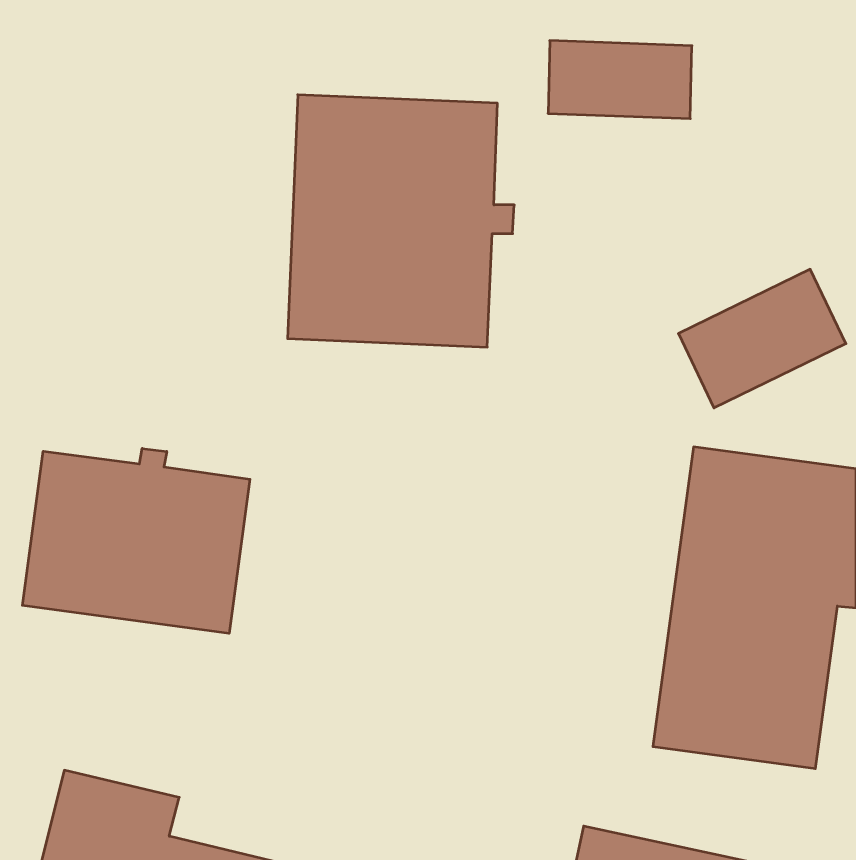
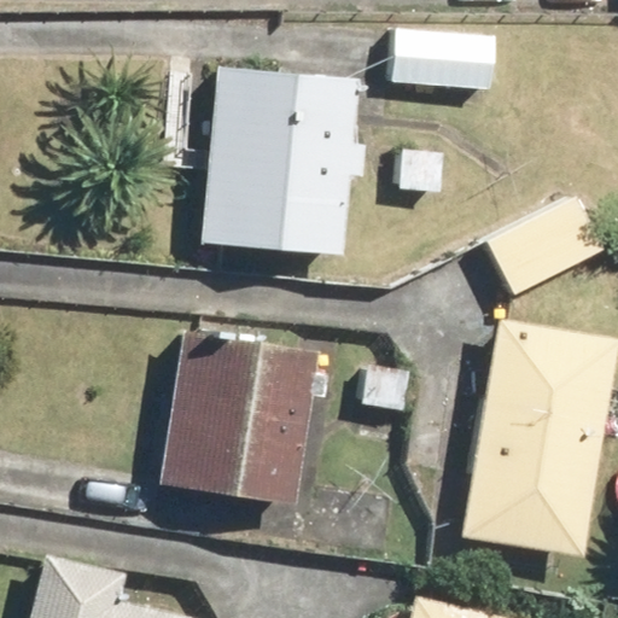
building: [22,448,250,633] -> none
building: none -> [163,334,316,503]

